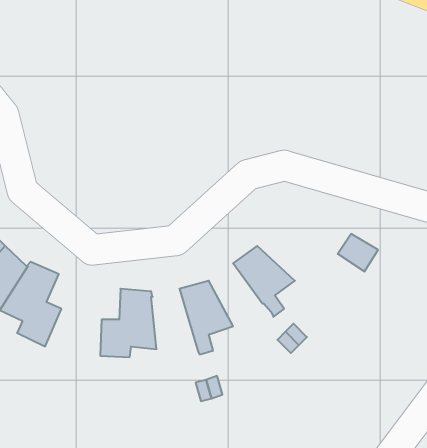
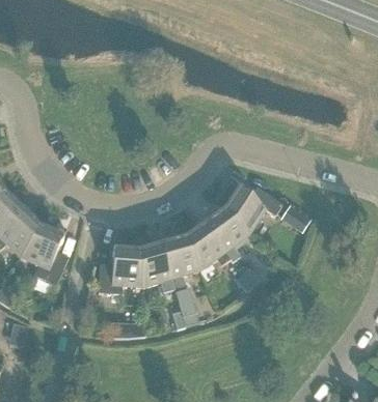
building: none -> [215,184,281,234]
building: none -> [182,221,230,269]
building: none -> [137,240,173,292]

